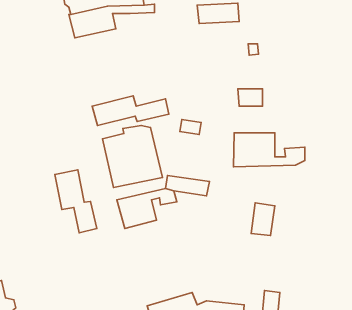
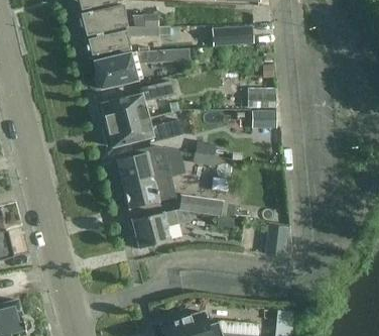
building: none -> [94,48,190,88]
building: none -> [103,80,174,127]
building: none -> [248,87,276,107]
building: [233,133,305,167] -> none
building: [55,170,97,233] -> none

